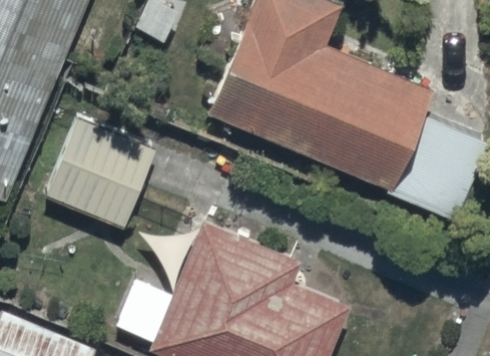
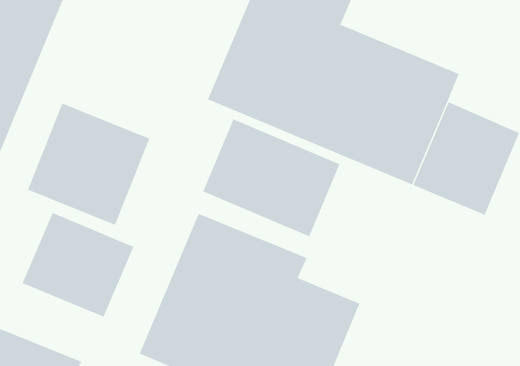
building: none -> [202,118,340,237]
building: none -> [22,212,134,318]

